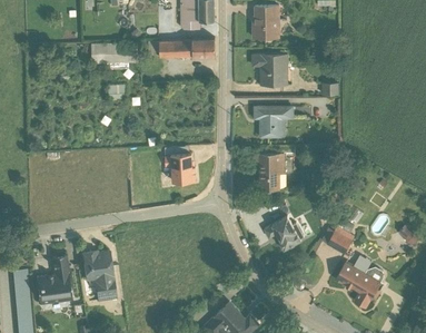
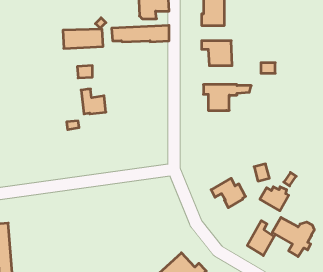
building: [254,147,294,193] -> none
building: [162,151,191,180] -> [81,89,106,114]
building: [82,251,116,302] -> none
building: [36,255,71,304] -> none
building: none -> [247,221,274,256]

